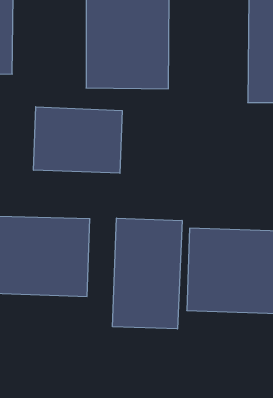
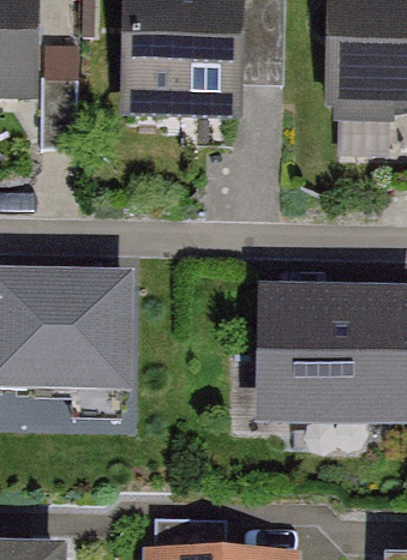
building: [34,107,122,173] -> none
building: [113,218,182,329] -> none

